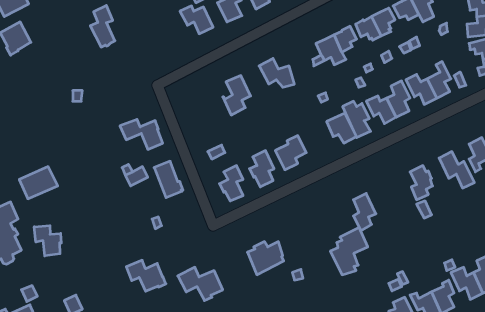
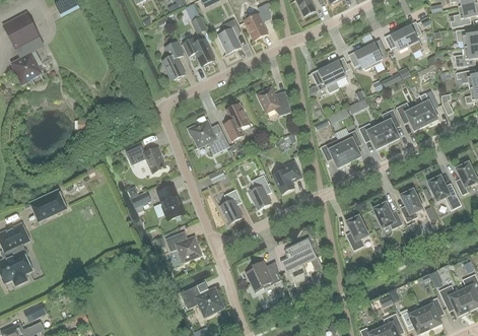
building: [90,5,115,47] -> [161,40,185,79]
building: none -> [188,119,229,153]
building: none -> [372,201,402,227]
building: [34,226,61,256] -> none
building: [330,228,368,275] -> [280,238,316,282]
building: [126,260,166,291] -> [164,231,202,261]

